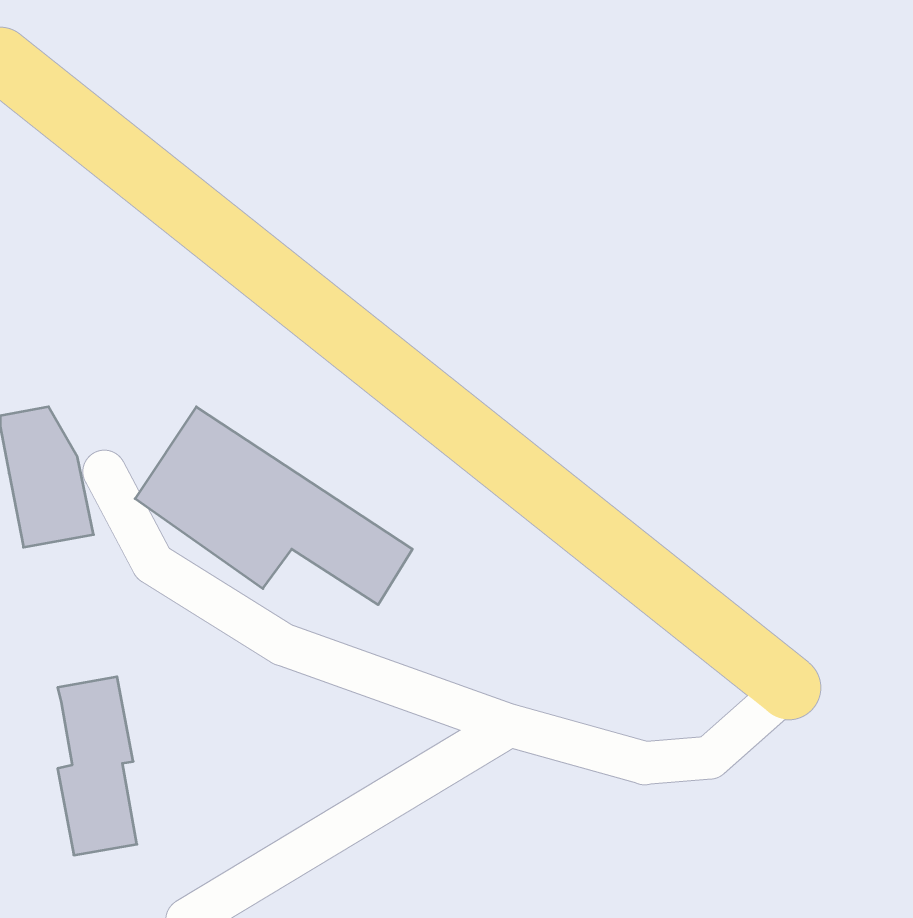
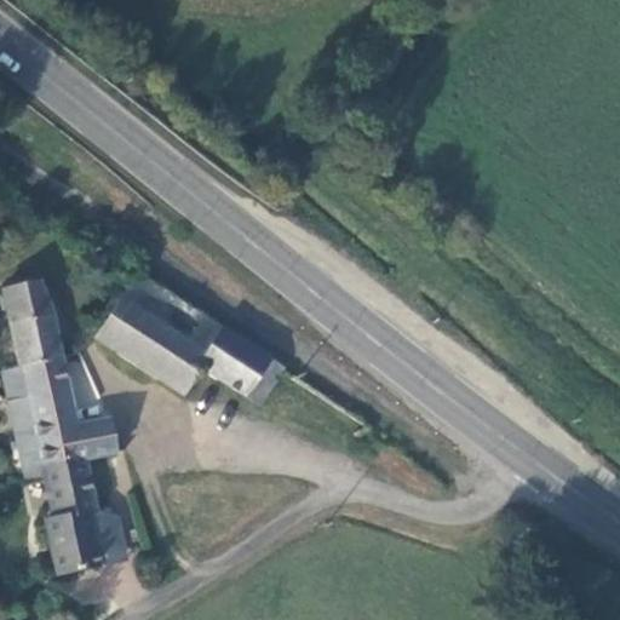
building: none -> [10,361,116,476]
building: none -> [87,513,125,569]

